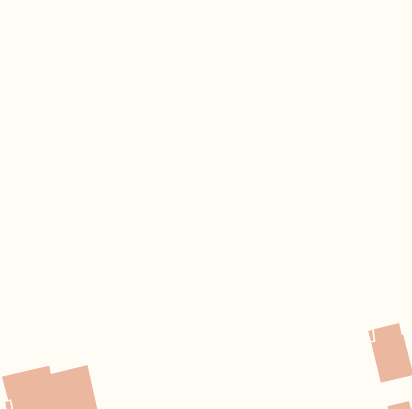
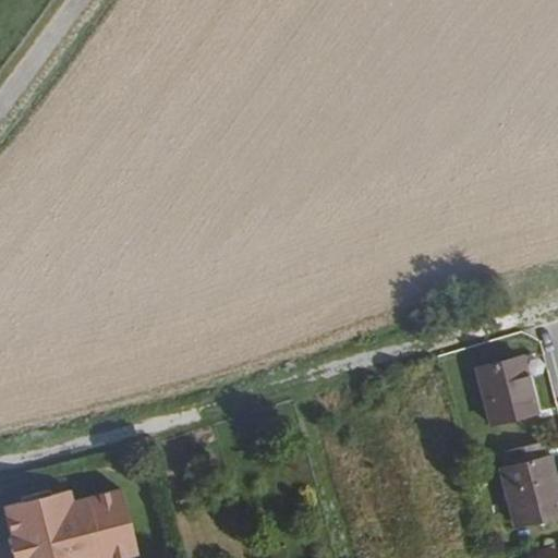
building: none -> [476,356,535,423]

